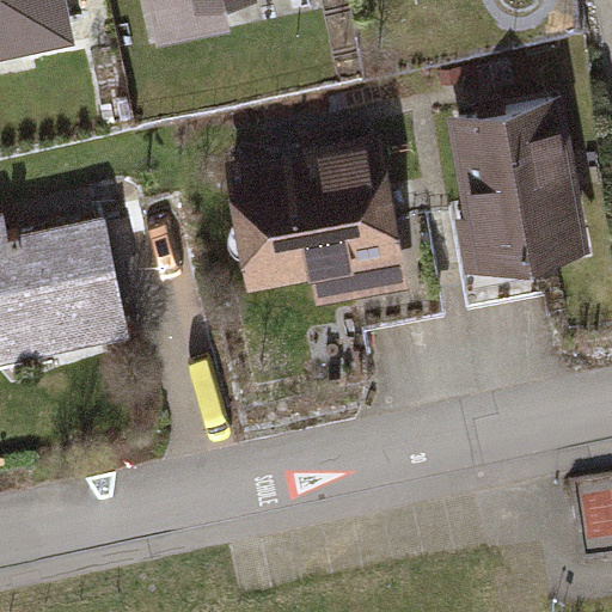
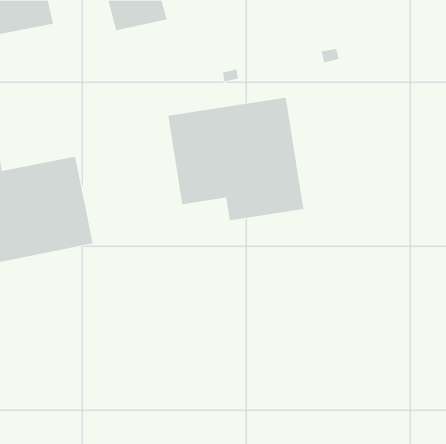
building: [445,103,590,277] -> none

